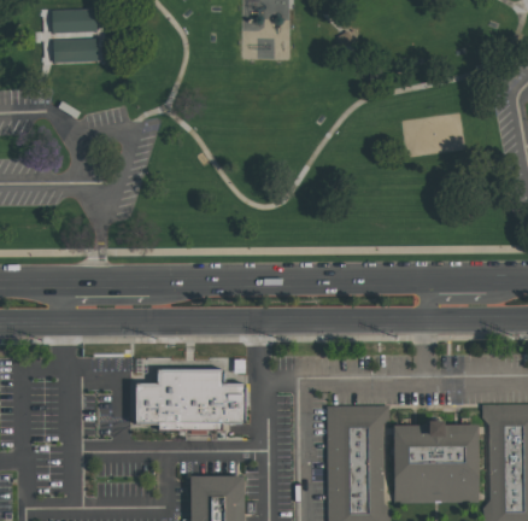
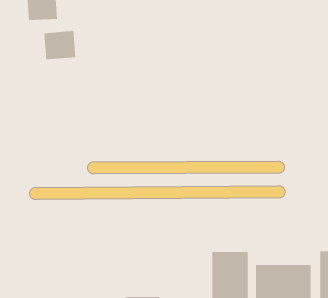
building: none -> [44,30,76,60]
building: [135,367,245,422] -> none

